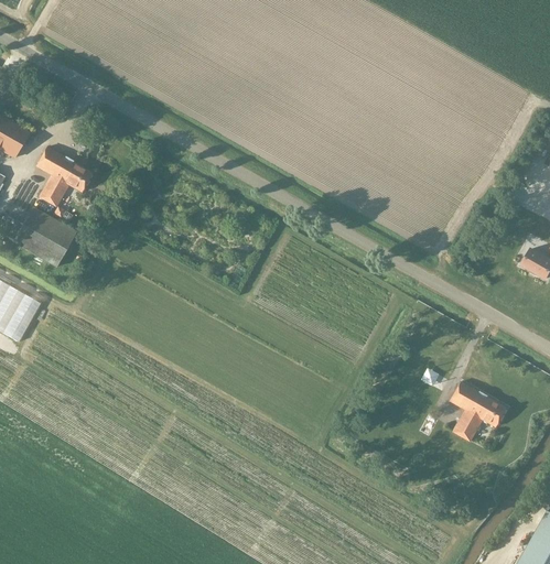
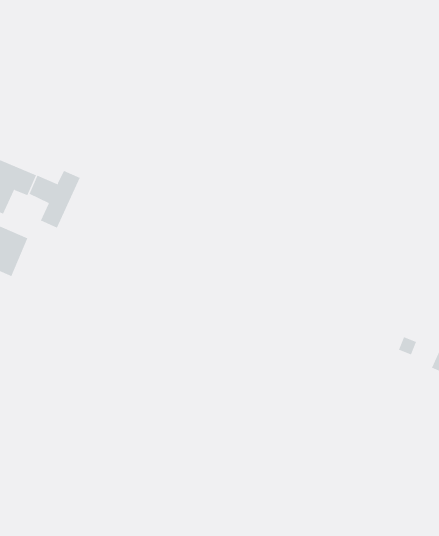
building: none -> [29,170,81,228]

